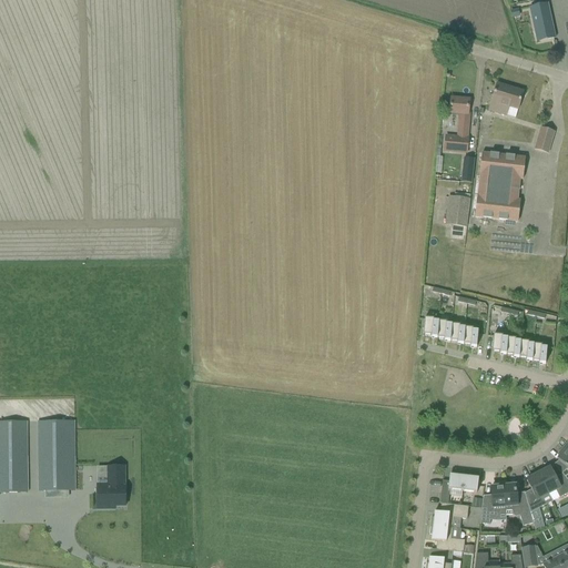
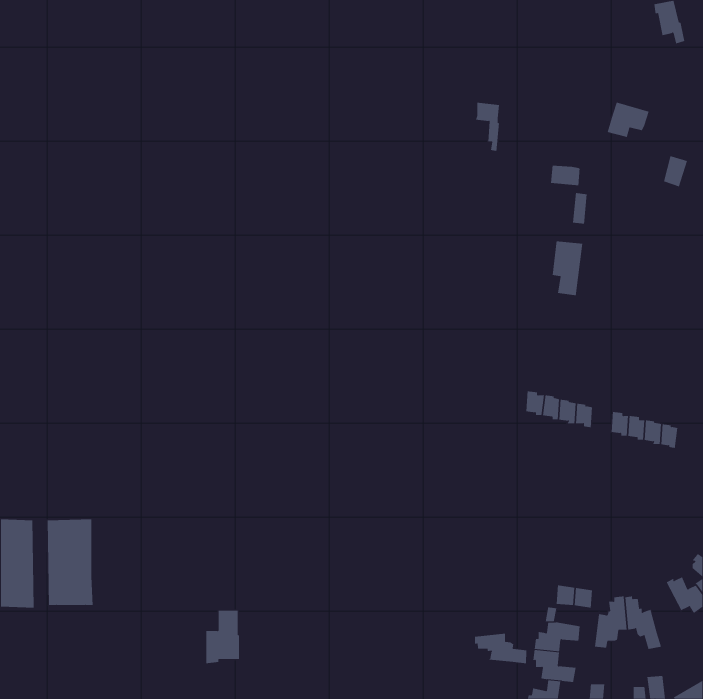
building: [449,95,469,135] -> [475,102,500,152]
building: [475,151,525,220] -> none
building: [98,464,125,507] -> [205,610,240,664]
building: [525,469,552,510] -> none
building: none -> [474,633,527,664]

